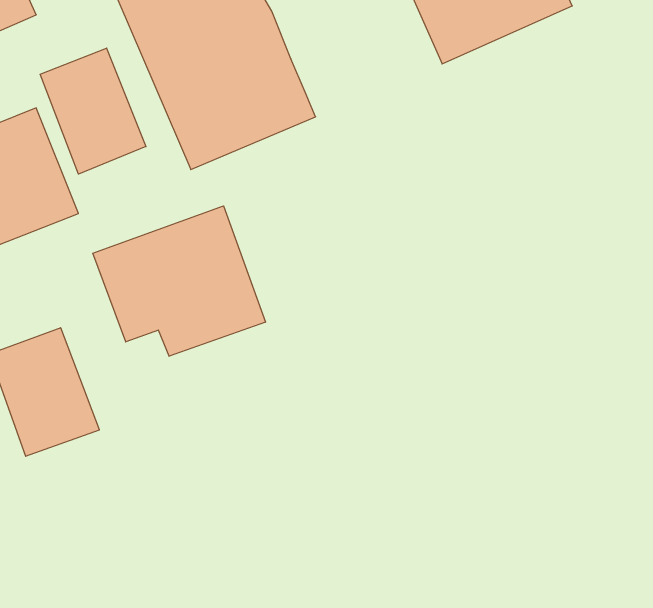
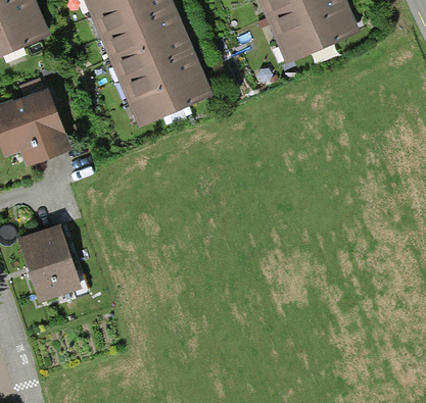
building: [40,48,146,174] -> none
building: [93,206,265,356] -> none

